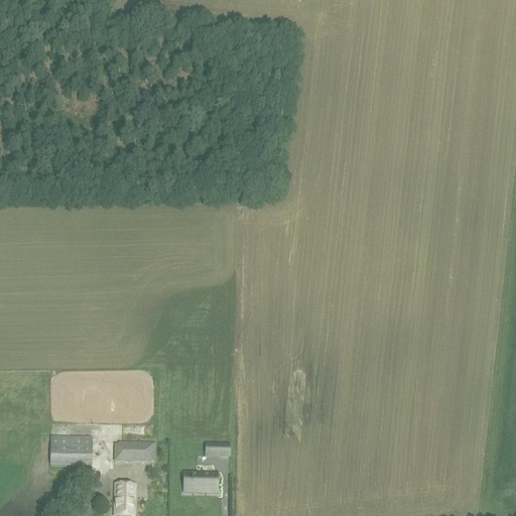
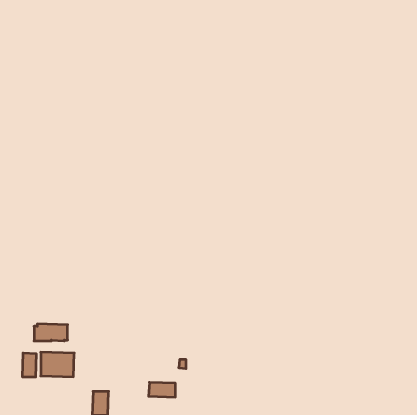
building: none -> [23,353,36,377]
building: [114,440,155,462] -> [34,324,68,341]

